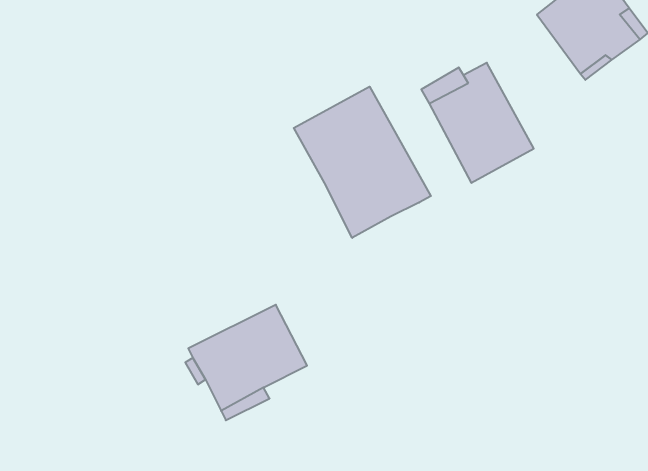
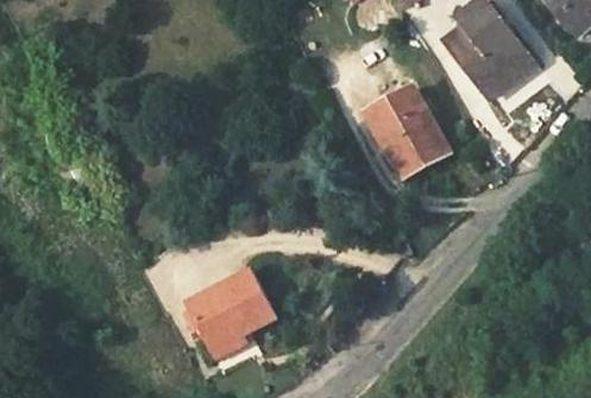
building: [294,87,431,238] -> none

